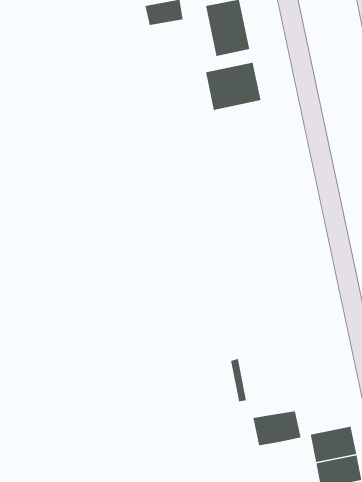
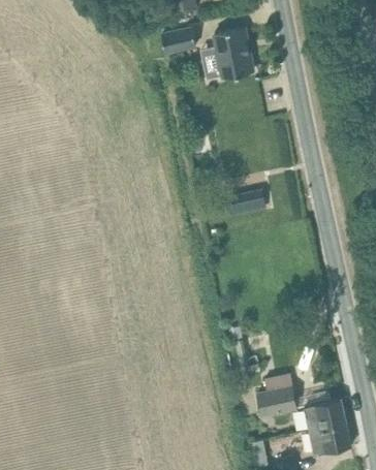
building: [205,62,261,111] -> none
building: none -> [227,191,264,215]

